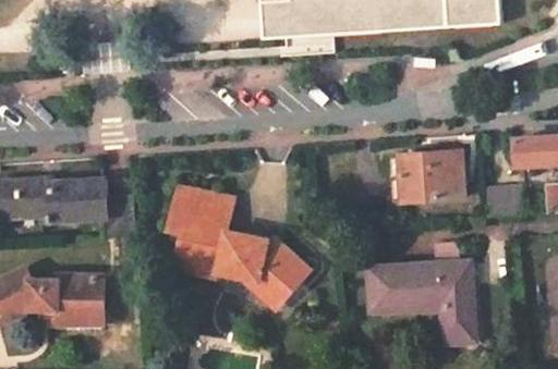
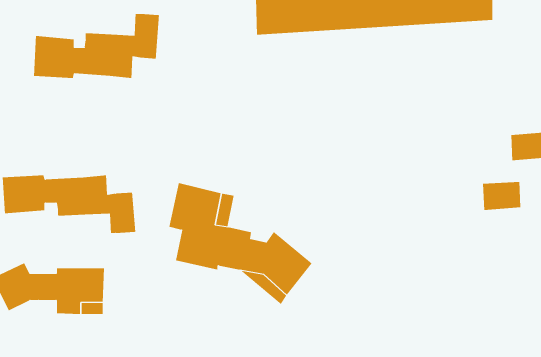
building: none -> [34,13,159,79]
building: [390,150,464,200] -> none
building: [363,261,474,344] -> none

